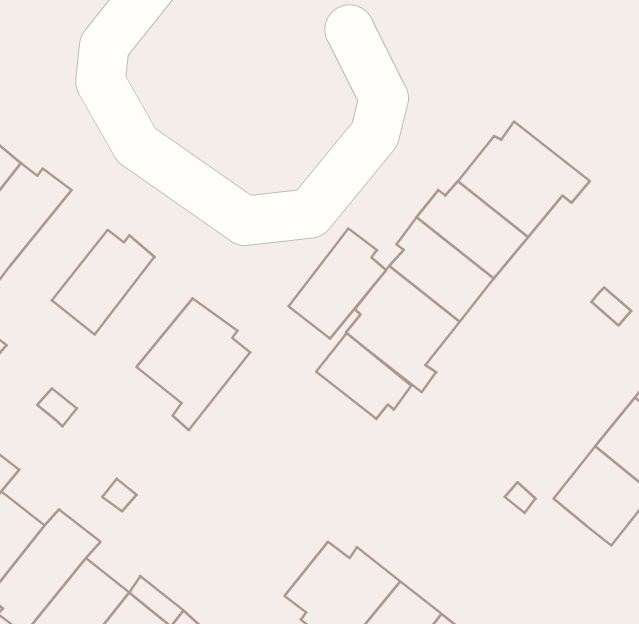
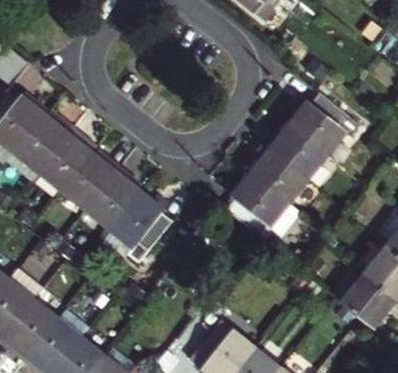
building: none -> [39,130,93,191]
building: [289,229,386,339] -> [86,167,141,228]
building: [316,333,411,419] -> none

